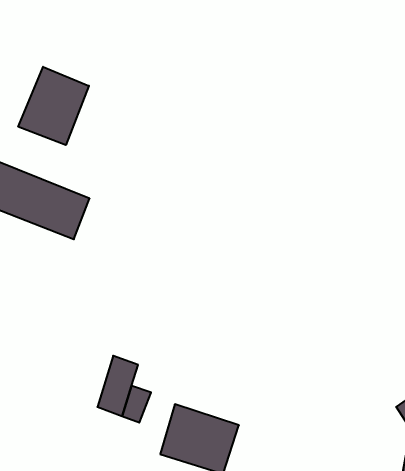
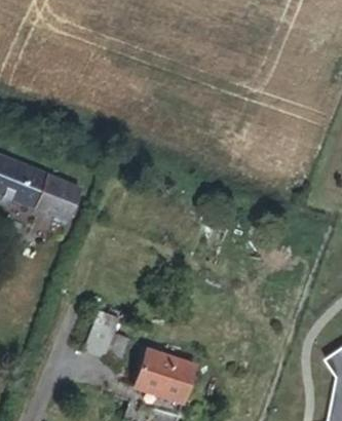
building: [18,67,89,145] -> none

